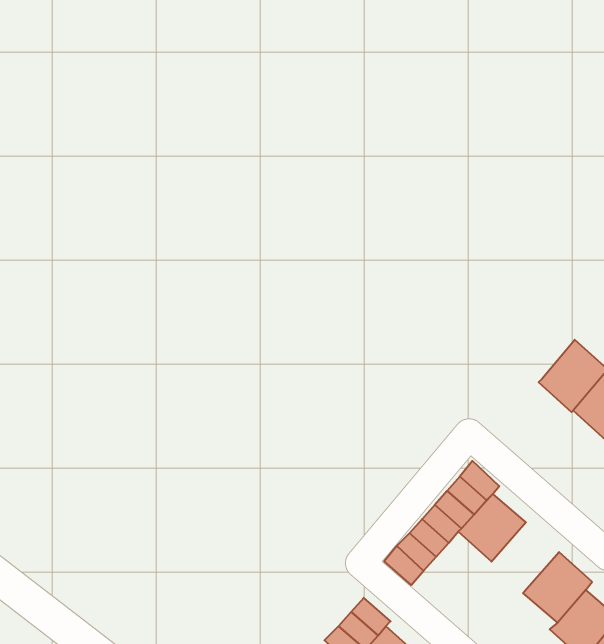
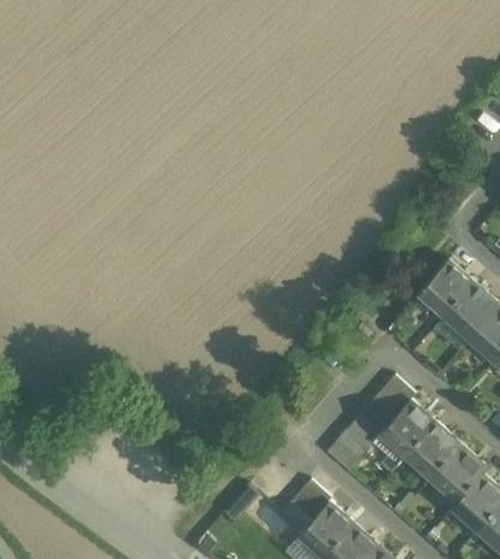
building: none -> [422,265,473,318]
building: none -> [410,428,461,481]

